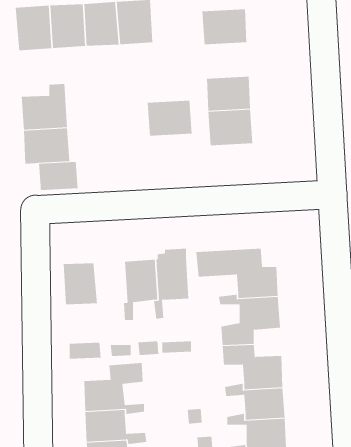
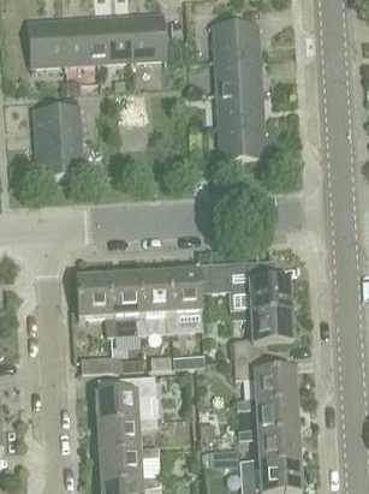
building: [147,100,193,136] -> [215,55,261,91]
building: [38,161,78,191] -> none
building: none -> [103,274,138,335]

